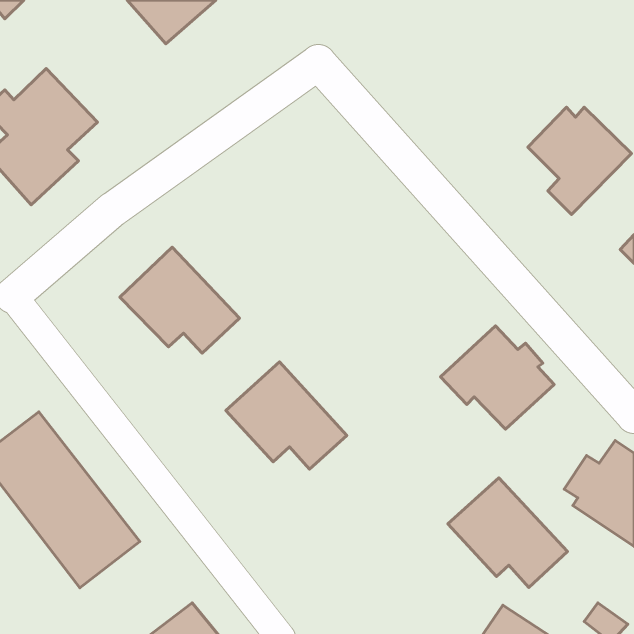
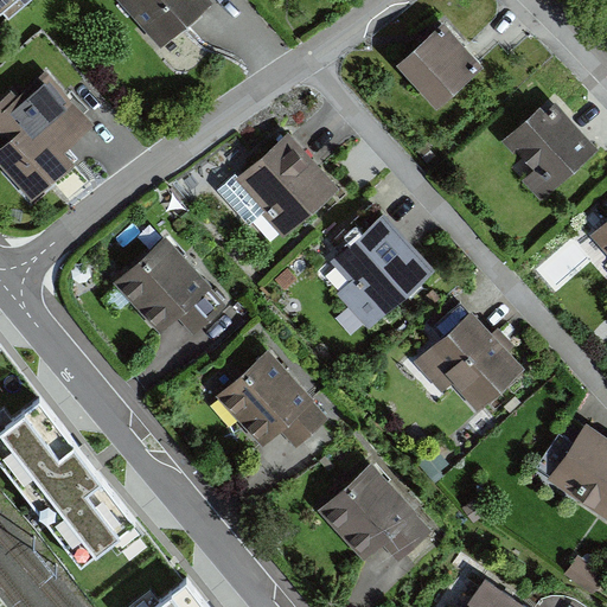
building: none -> [394,24,481,109]
building: none -> [237,135,338,245]
building: none -> [331,209,437,334]
building: [448,478,567,588] -> [320,462,434,567]

